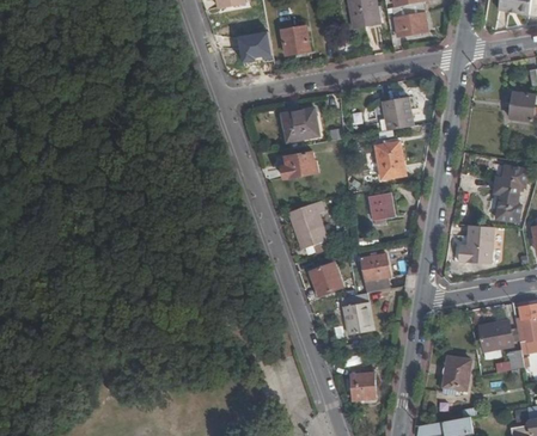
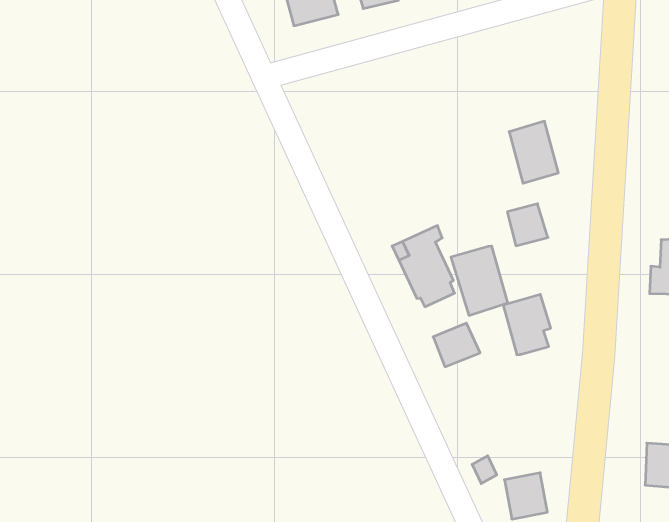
building: [382,96,410,130] -> none
building: [280,108,321,141] -> none
building: [282,151,319,178] -> none
building: [341,290,376,334] -> [451,246,508,315]

